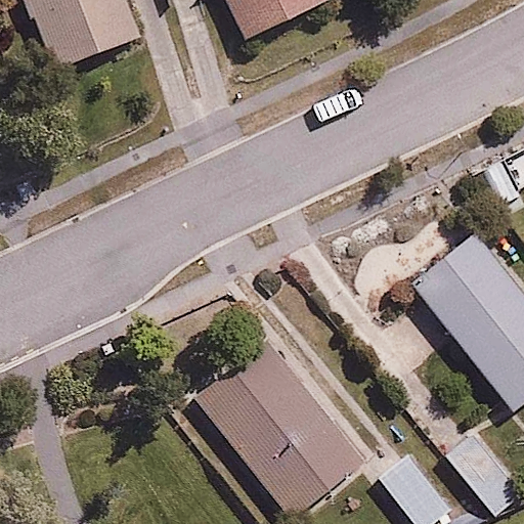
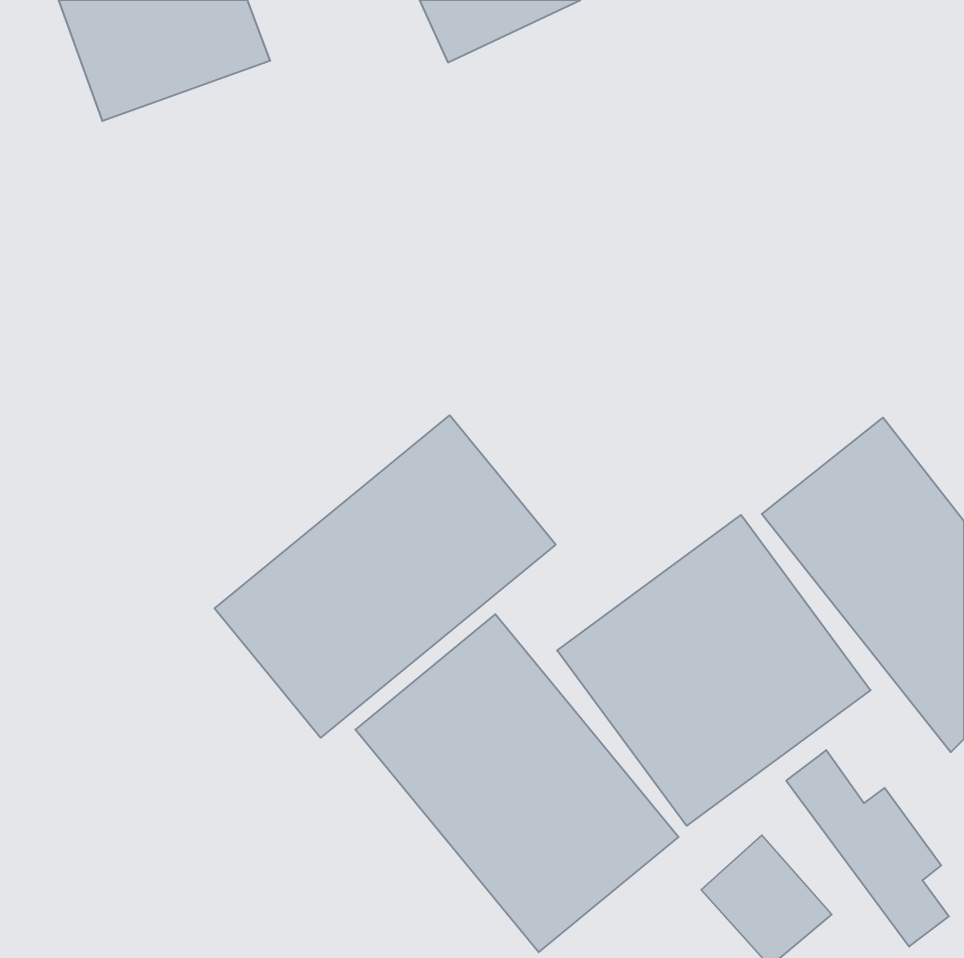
building: none -> [215,415,556,738]
building: none -> [557,515,871,826]

